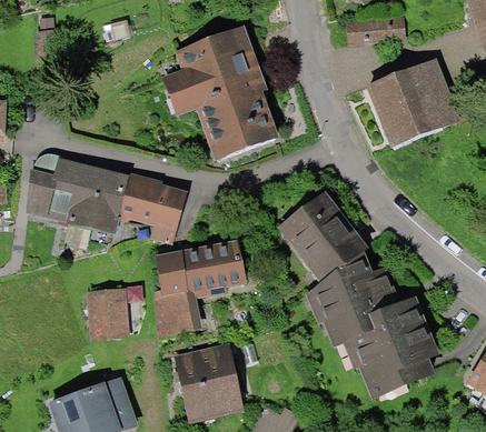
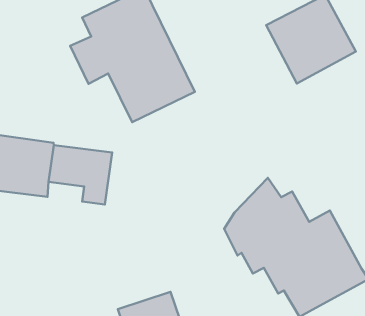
building: [266,183,355,274] -> none
building: [151,245,250,335] -> none
building: [88,289,127,334] -> none

